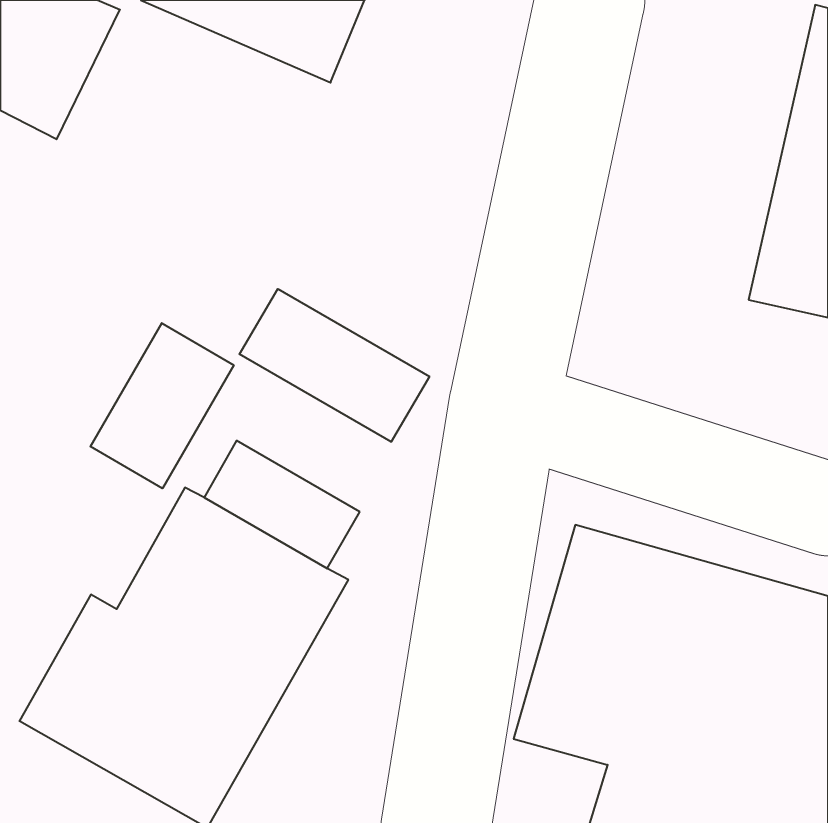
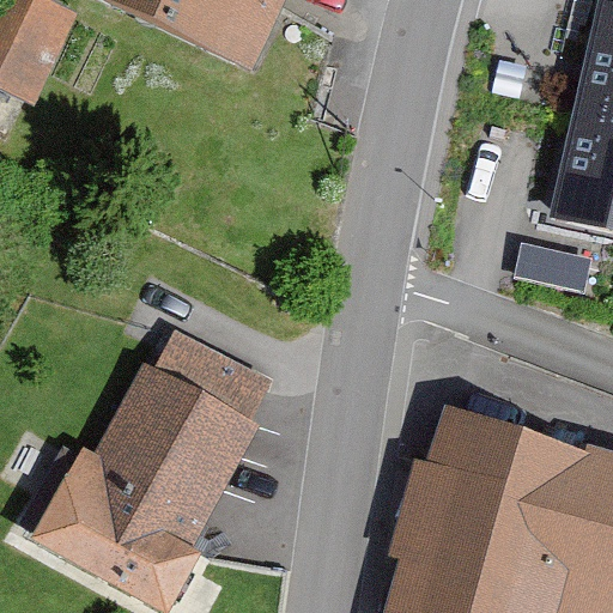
building: [239,289,429,442] -> none
building: [90,323,234,488] -> none

